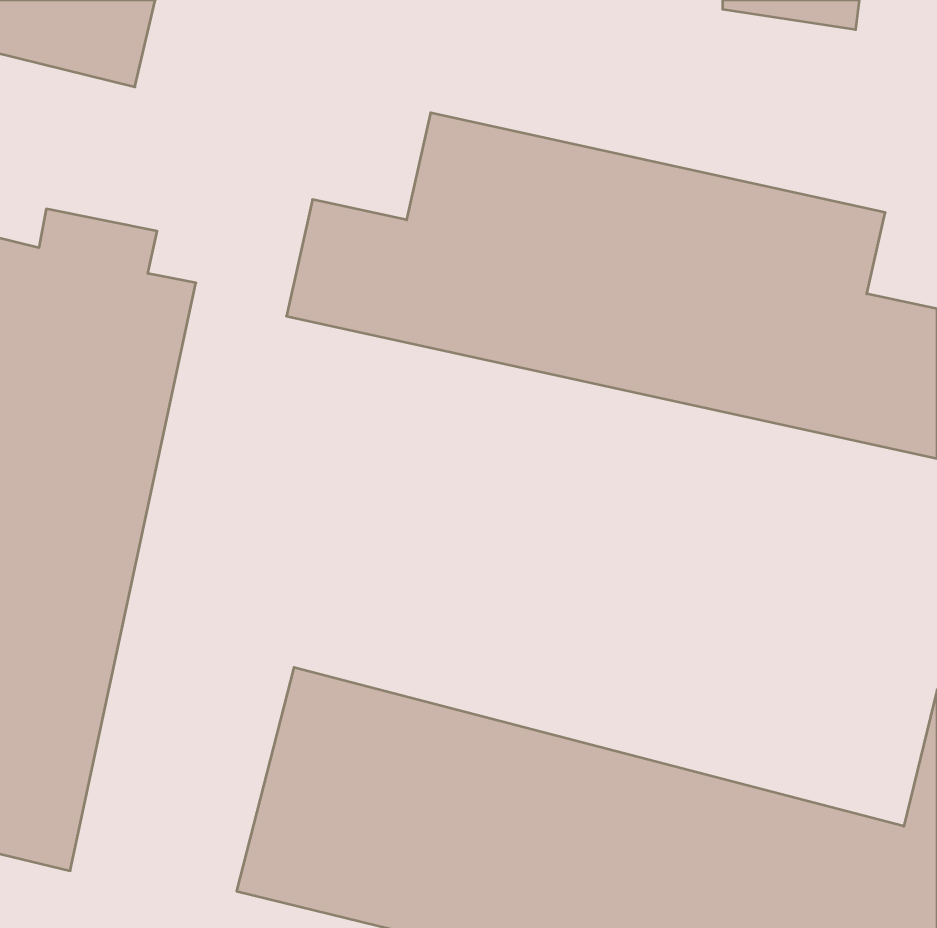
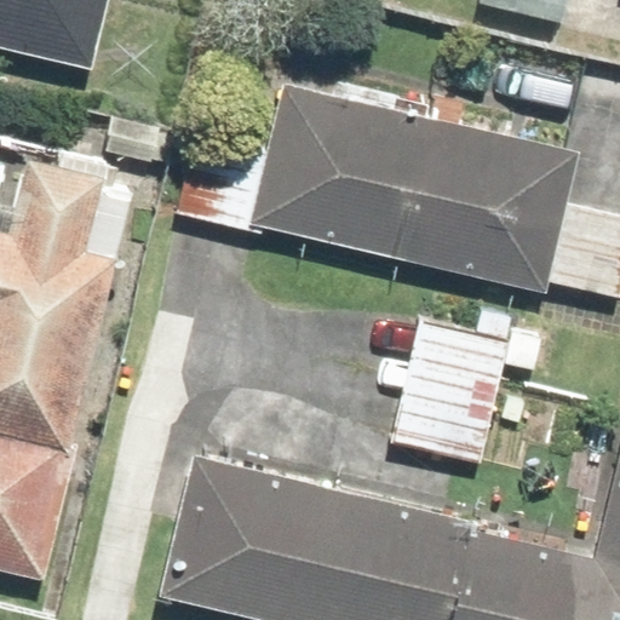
building: none -> [394,318,511,459]

